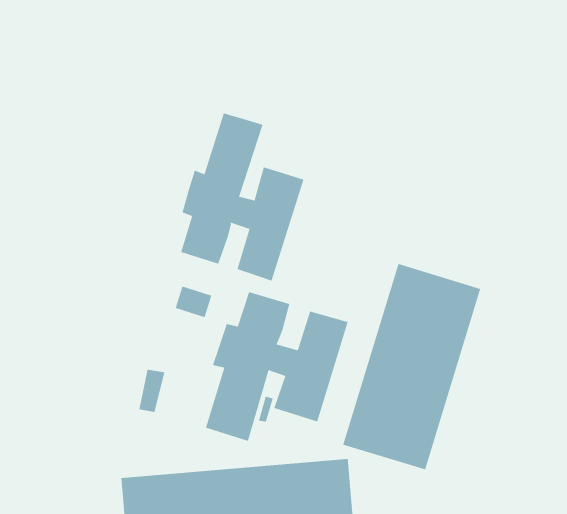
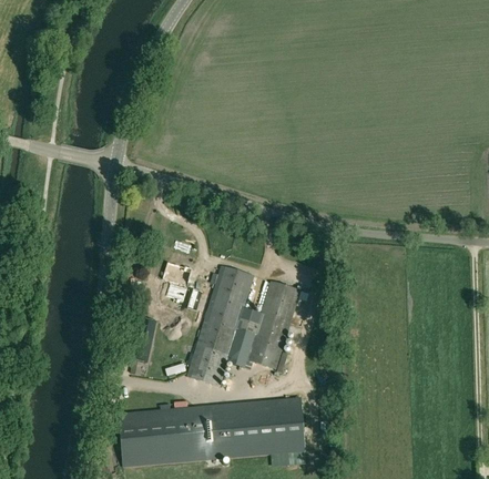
building: [181,113,304,281] -> none
building: [343,263,481,470] -> none

